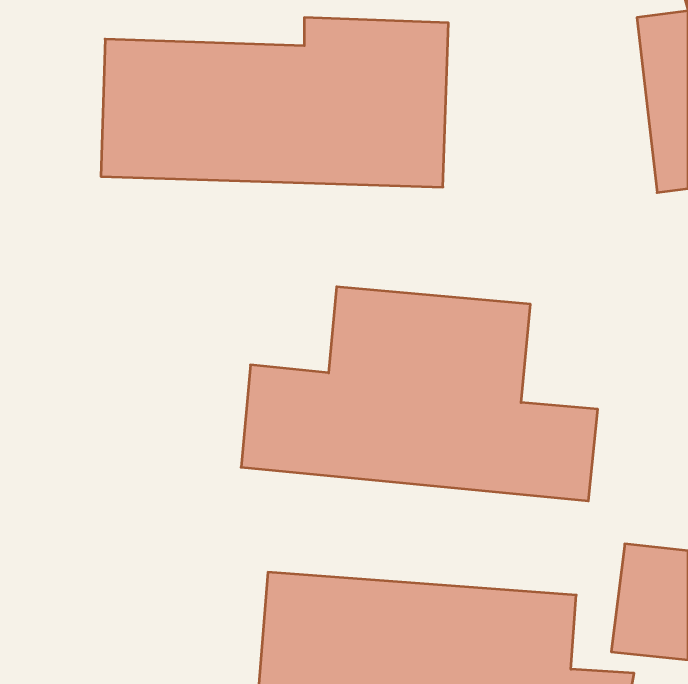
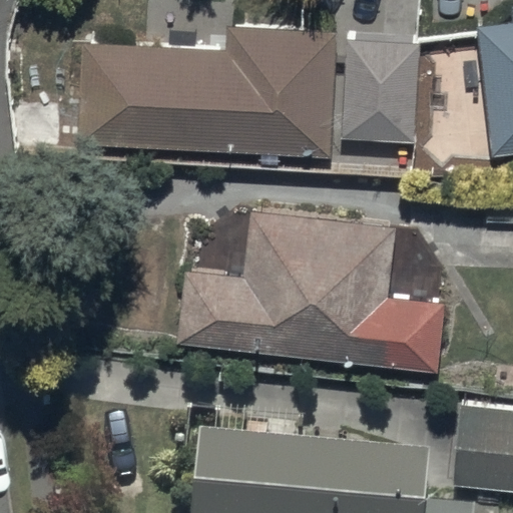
building: none -> [342,30,416,159]

